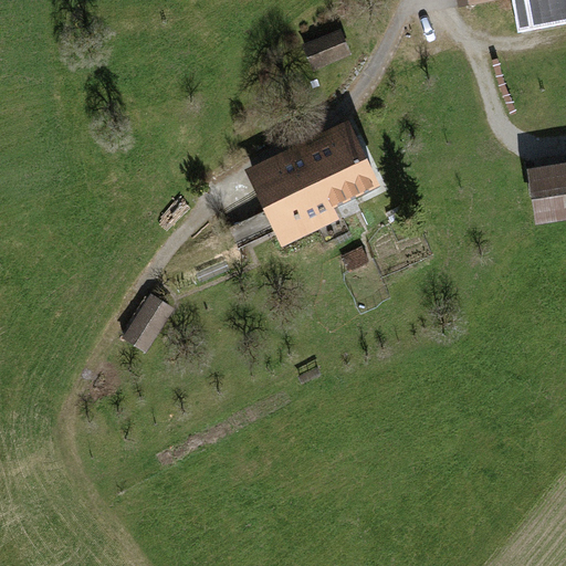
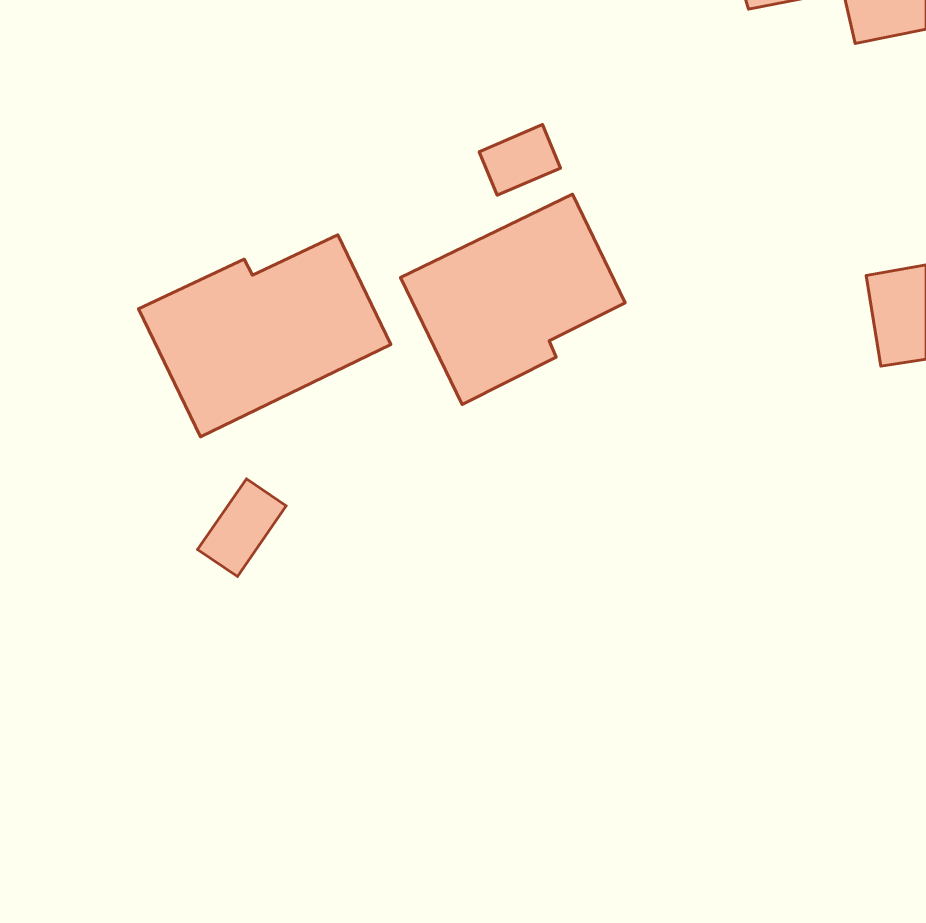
building: [303,27,353,70] -> [479,125,561,195]
building: none -> [139,235,391,437]

